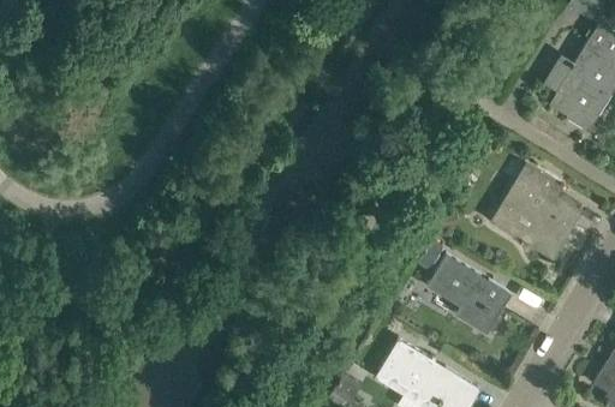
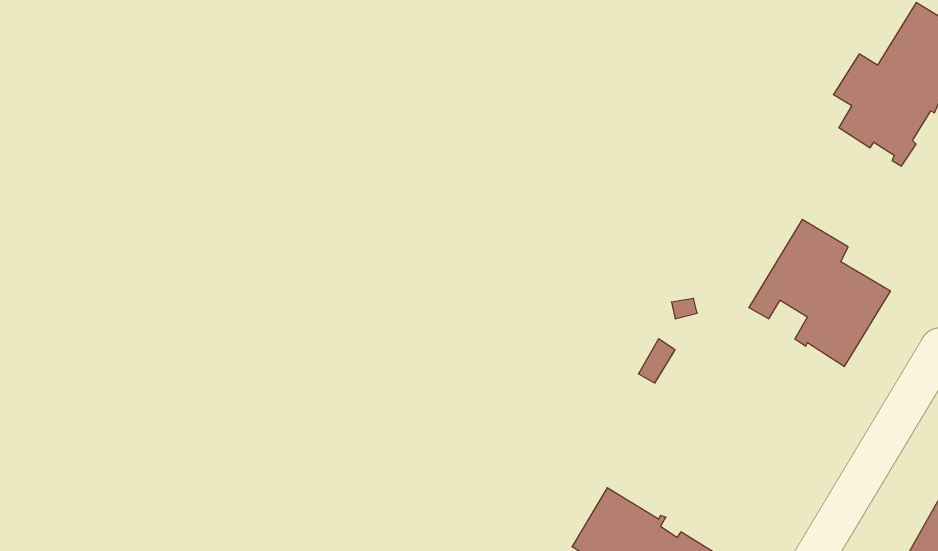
building: [428,256,510,334] -> none

